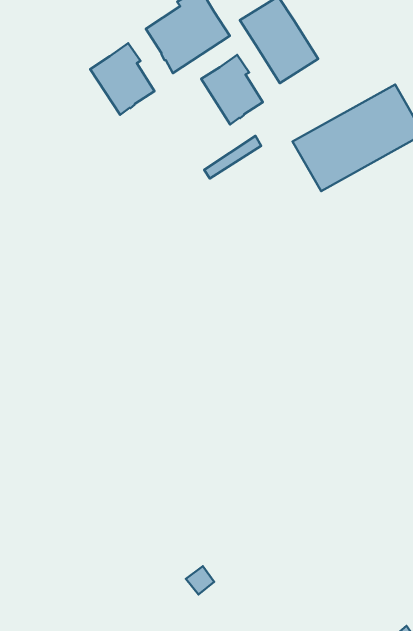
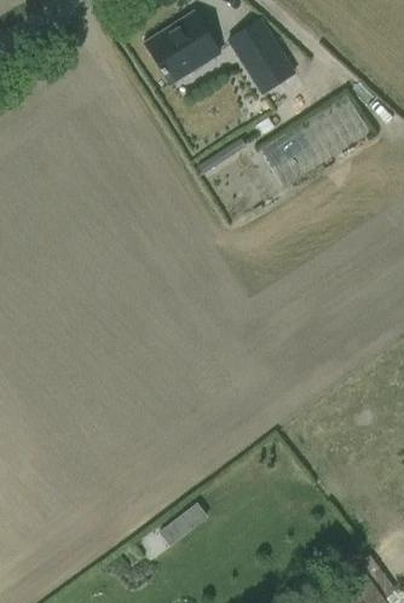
building: [90,43,155,115] -> none
building: [201,55,263,124] -> none

